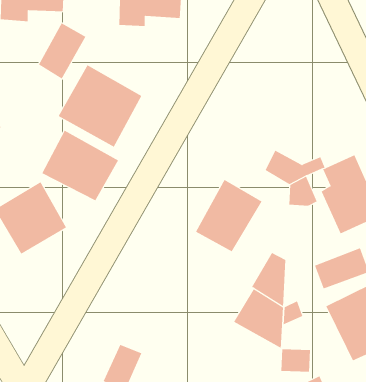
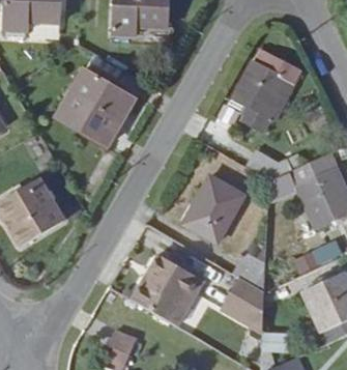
building: [38,23,86,79] -> none
building: none -> [235,62,301,119]
building: [41,130,119,201] -> none
building: none -> [132,253,195,319]

